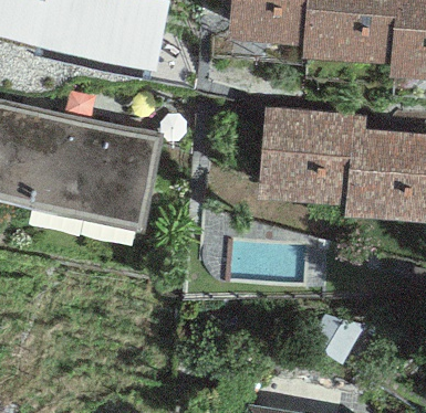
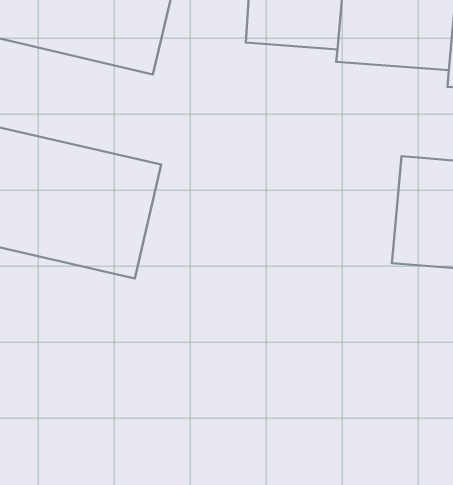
building: [256,112,366,204] -> none

